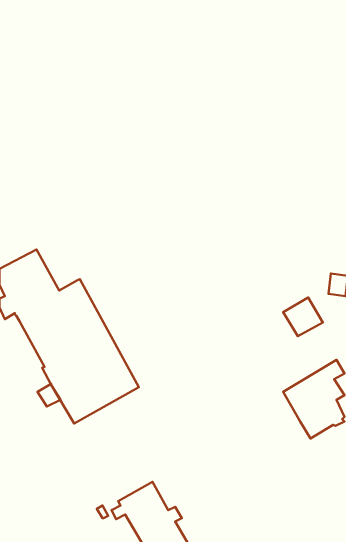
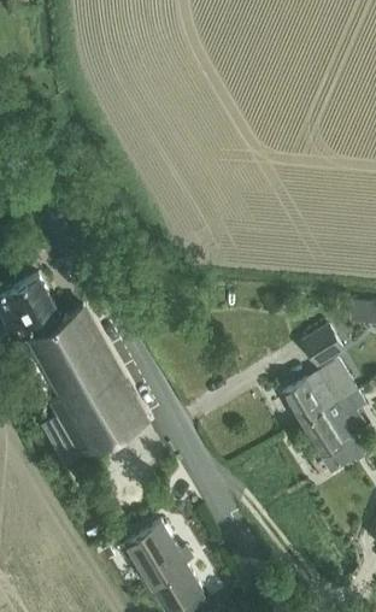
building: none -> [282,359,358,425]

